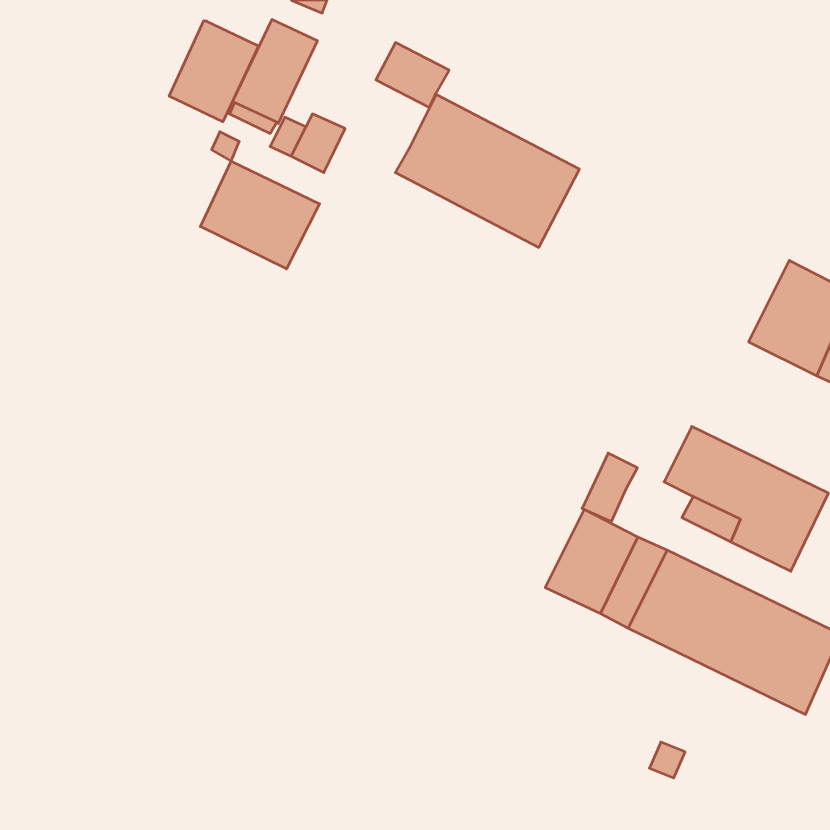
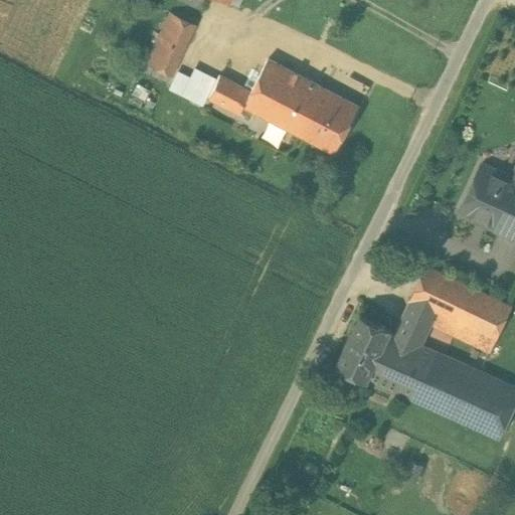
building: [169,21,259,122] -> none
building: [376,43,449,108] -> [208,76,253,117]
building: [200,161,320,269] -> none
building: [582,453,637,521] -> [395,299,430,341]

